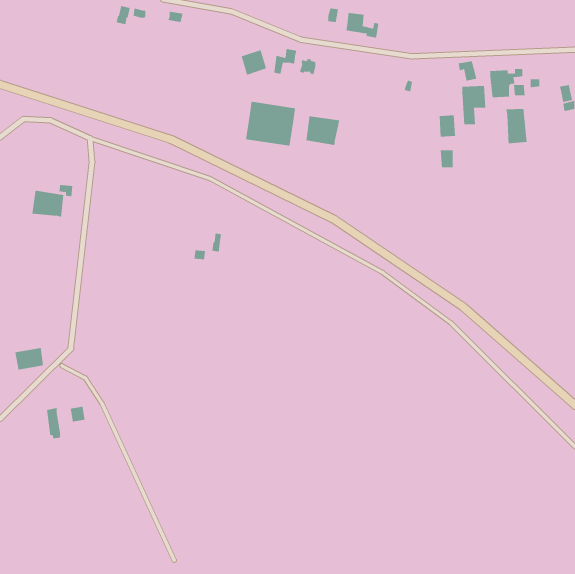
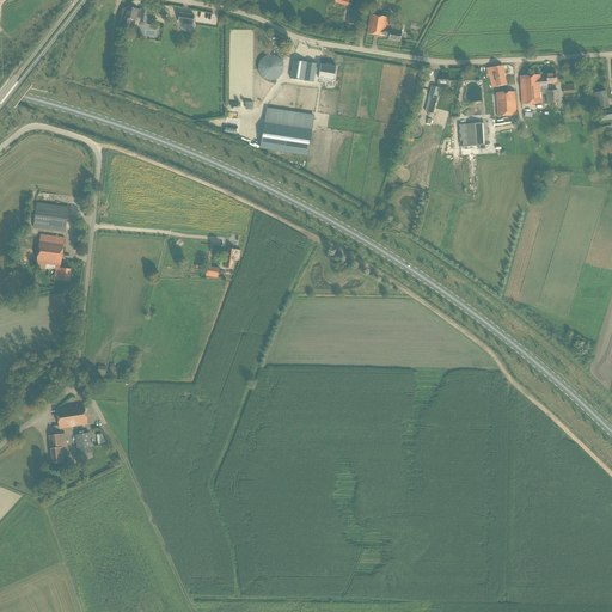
building: [506,108,527,144] -> none
building: [306,115,340,146] -> none
building: none -> [36,233,71,280]
building: [15,348,44,370] -> [56,404,87,428]

